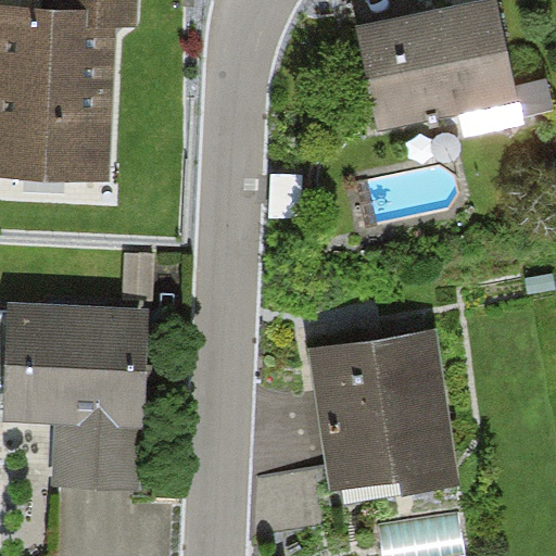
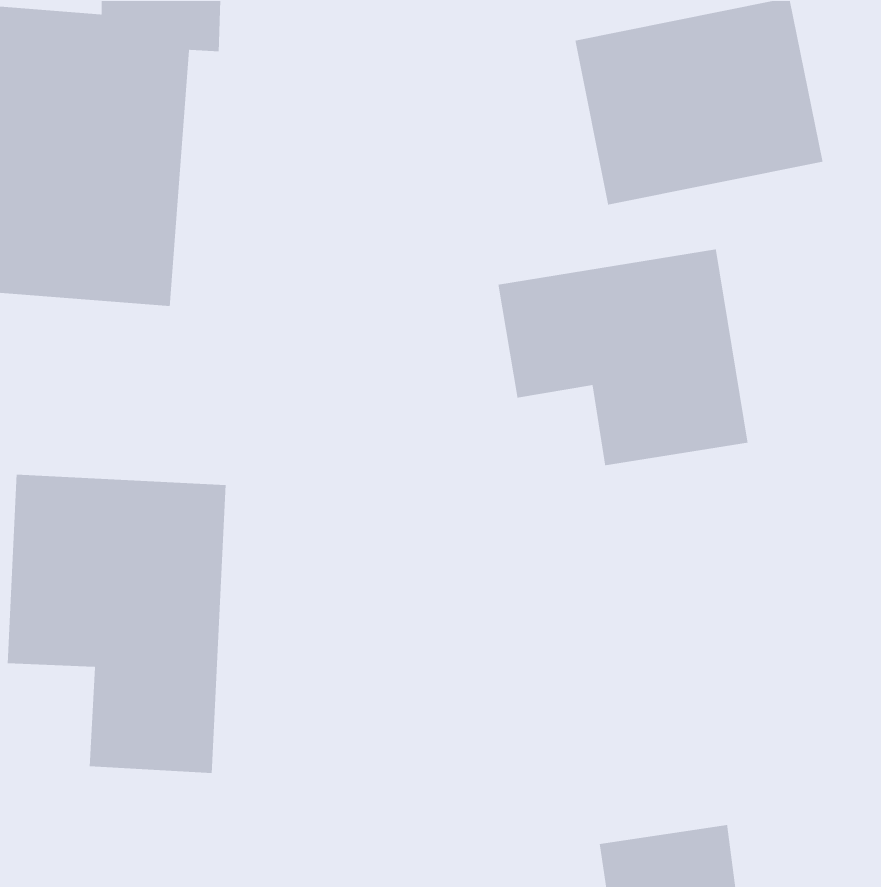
building: none -> [497,249,748,466]
building: [308,329,450,494] -> none

